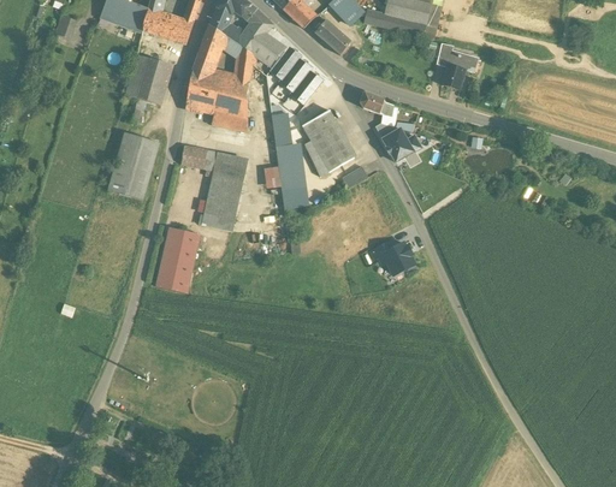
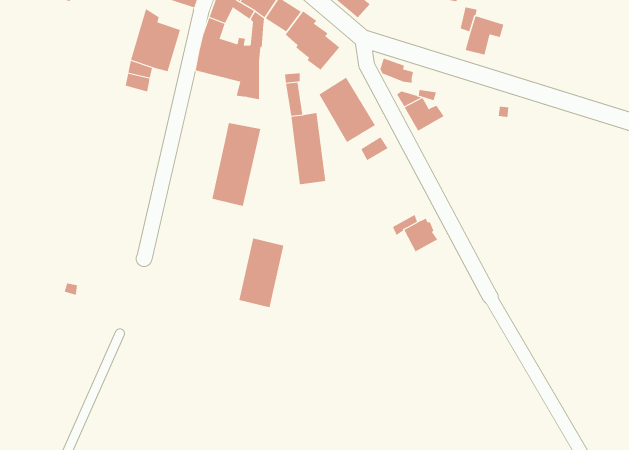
building: [107,132,159,200] -> none
building: [180,145,217,171] -> none
building: [156,227,200,293] -> [238,238,284,308]

